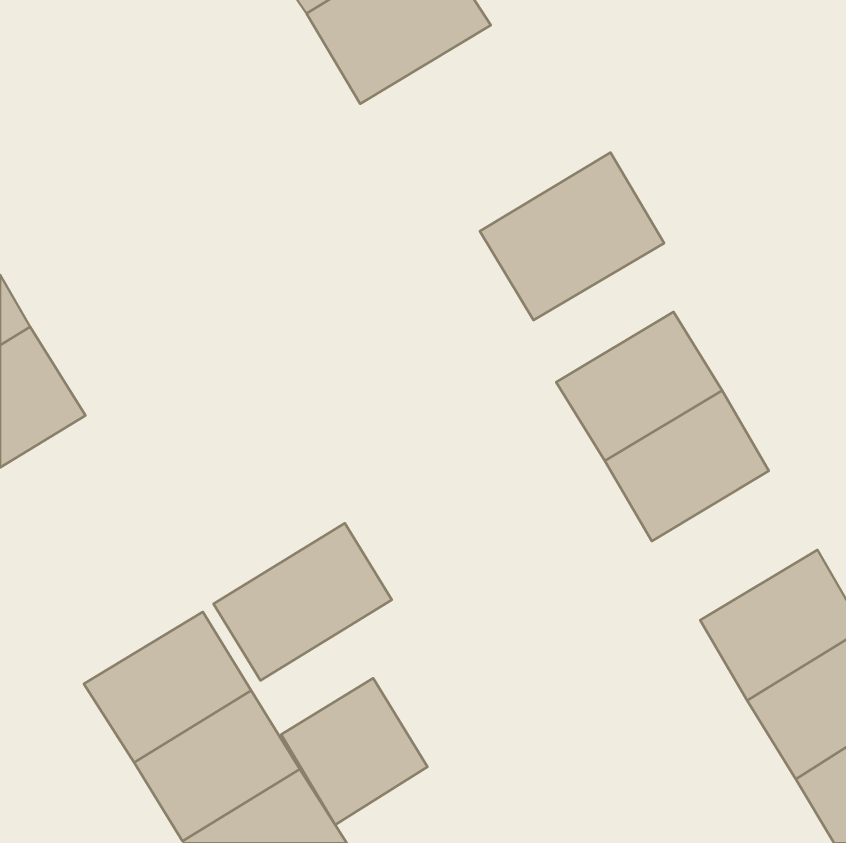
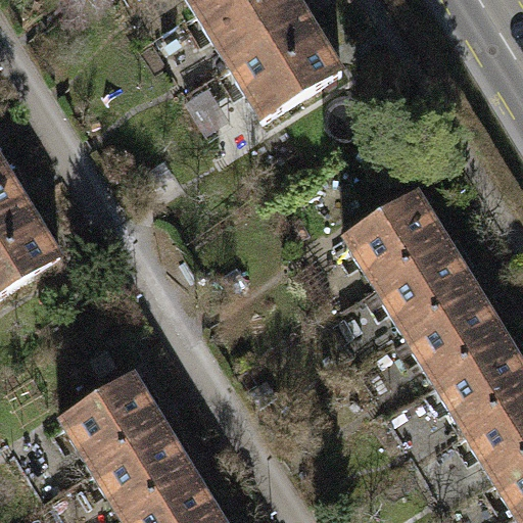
building: [480,153,664,320] -> [226,15,338,117]
building: none -> [403,287,505,378]
building: [214,523,392,680] -> none
building: [281,678,428,825] -> none

